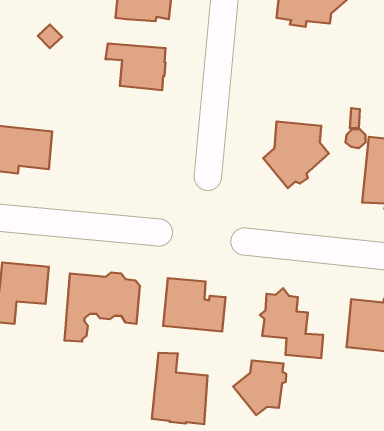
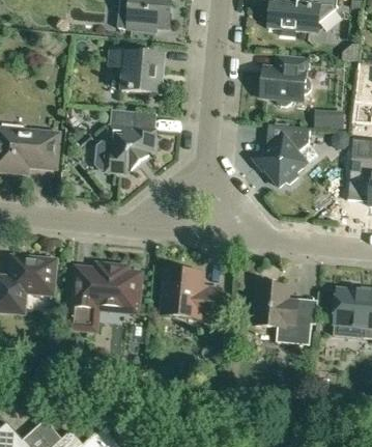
building: none -> [260,54,311,106]
building: none -> [95,109,154,172]
building: [152,353,207,424] -> none
building: [233,360,286,415] -> none

